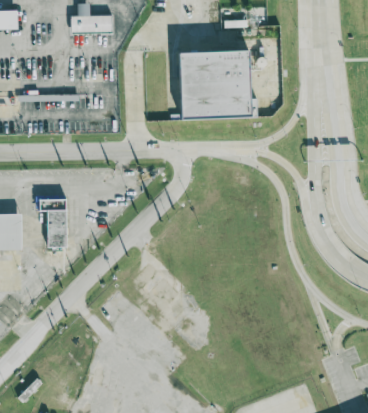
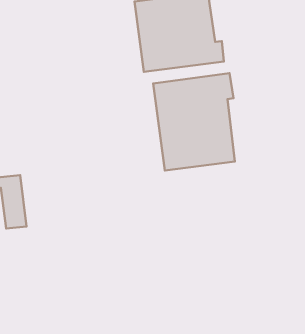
building: none -> [153,73,235,171]

